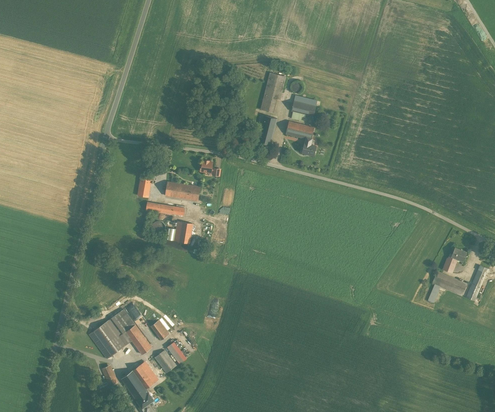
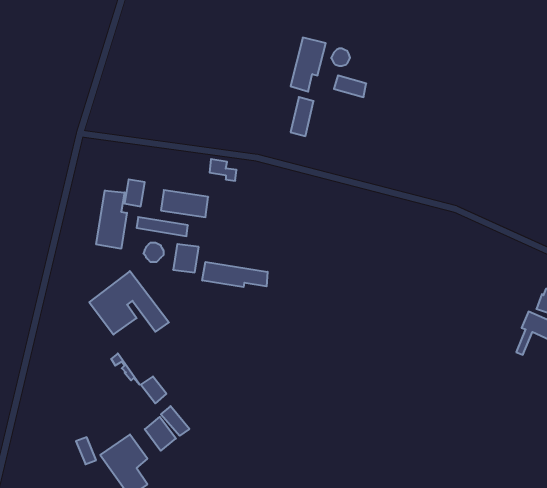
building: [287,118,317,154] -> none
building: none -> [96,190,127,249]
building: none -> [202,262,268,287]
building: [91,310,150,357] -> [89,271,169,335]

